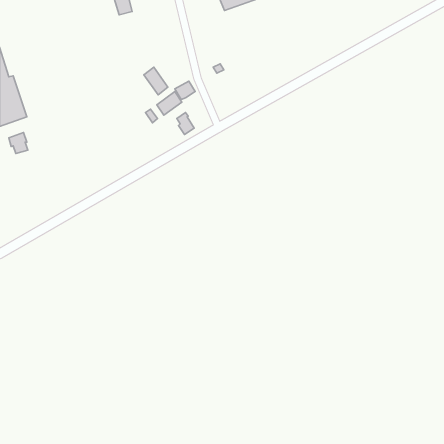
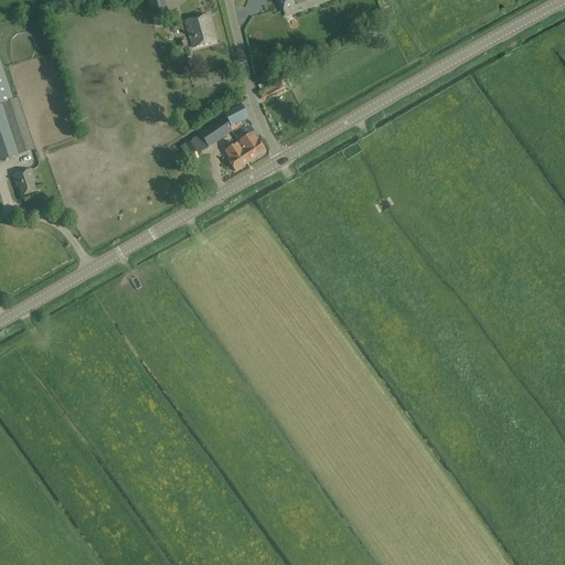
building: none -> [184,13,214,46]
building: [144,67,168,95] -> none
building: none -> [235,130,264,162]

